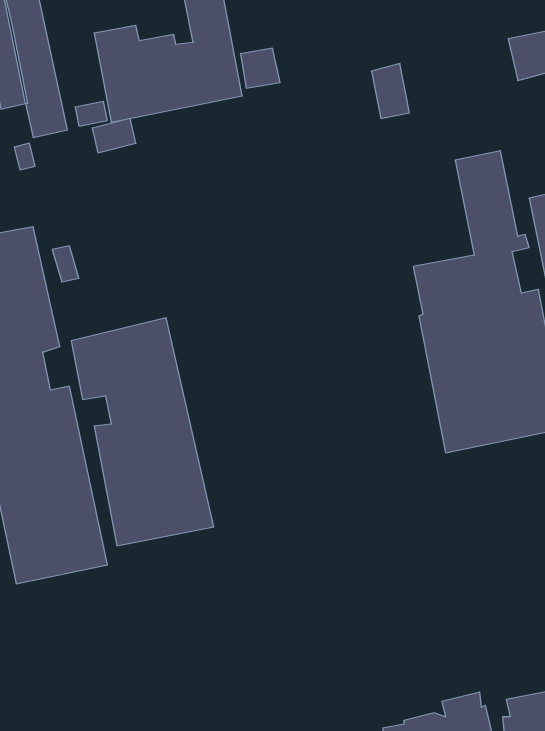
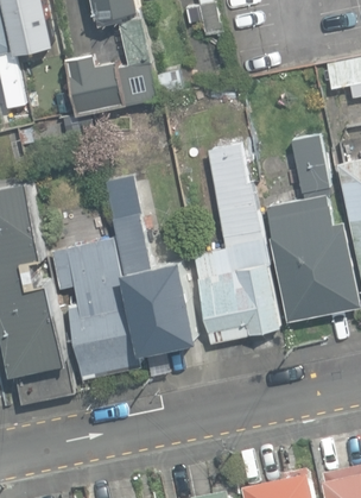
building: none -> [194,145,280,342]
building: none -> [102,174,203,374]

